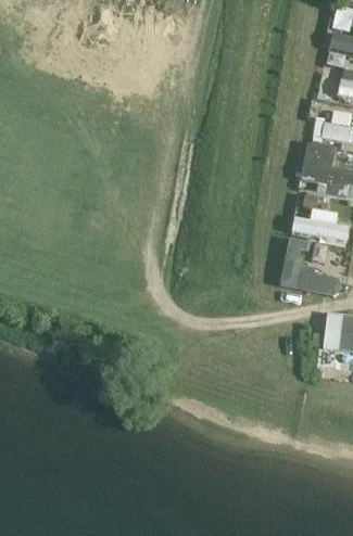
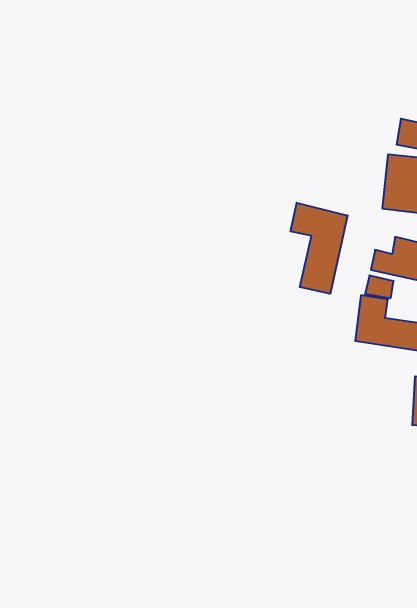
building: none -> [291,203,348,294]

